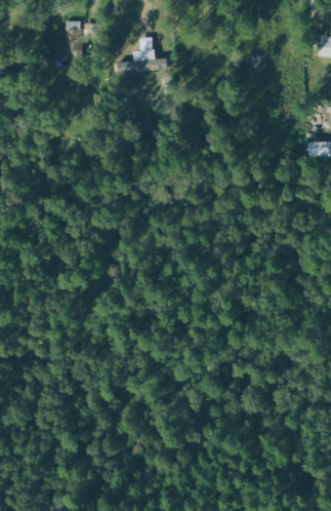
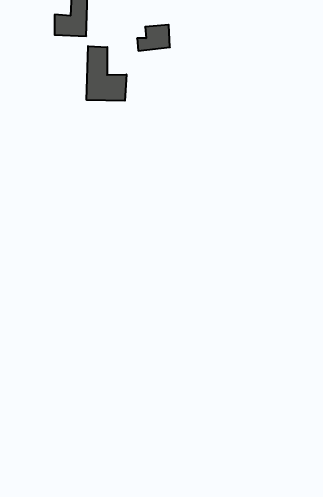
building: none -> [87,46,126,101]

